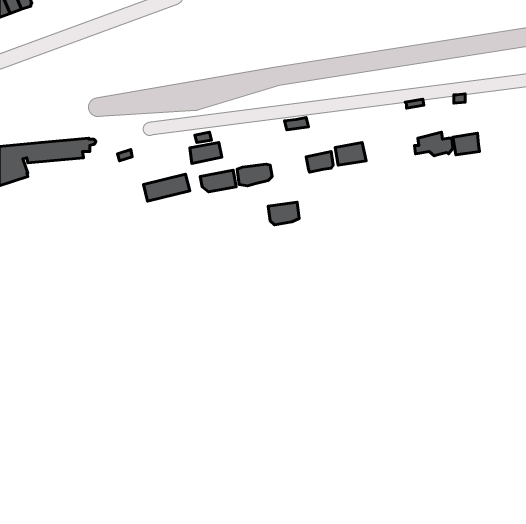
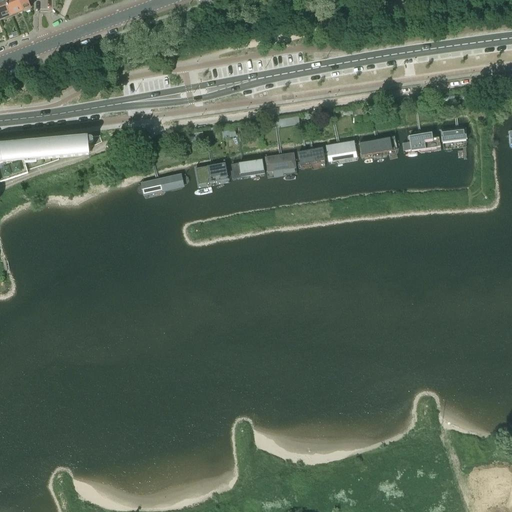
building: none -> [360,135,400,159]
building: [190,143,222,163] -> none
building: [268,202,299,225] -> [265,154,295,176]

